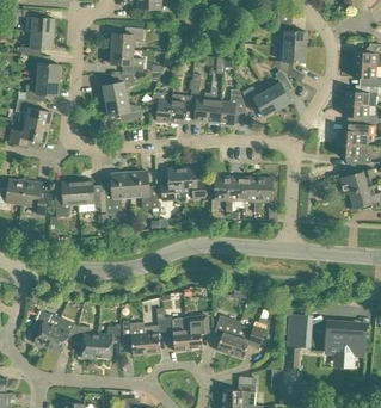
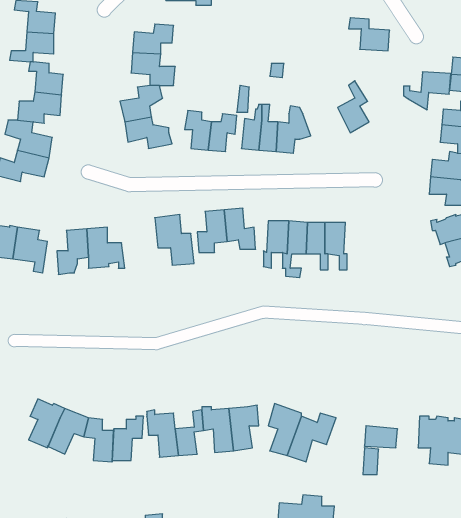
building: [270,45,306,74] -> [404,72,451,110]
building: [242,86,277,116] -> none
building: [104,173,131,211] -> none

